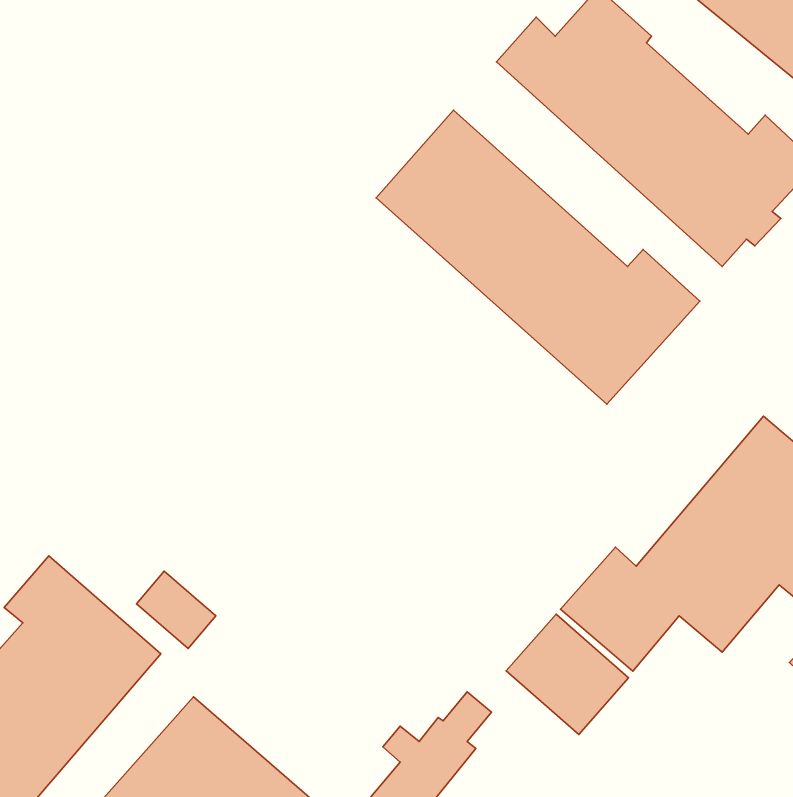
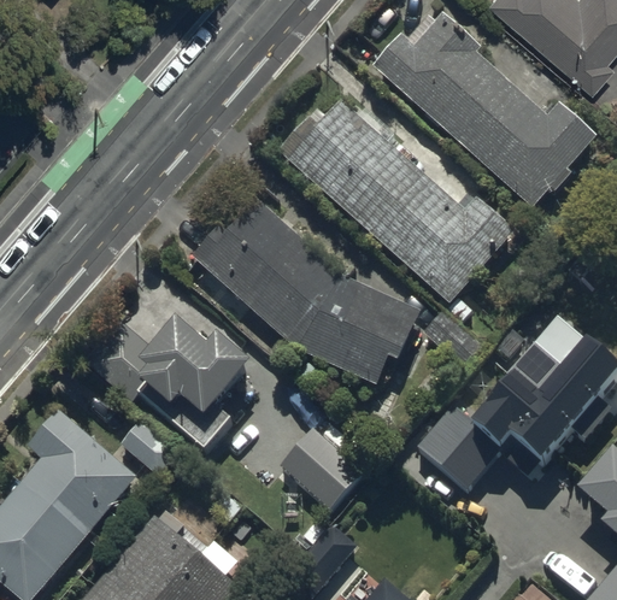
building: none -> [193,198,421,384]
building: none -> [86,314,251,448]
building: [506,614,629,735] -> [277,427,363,511]

